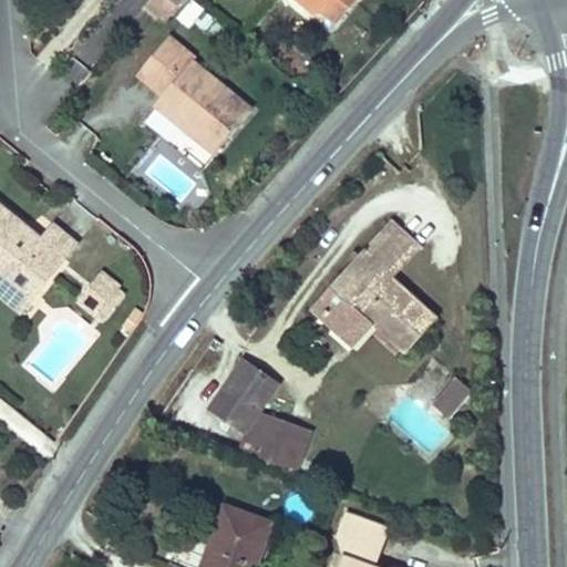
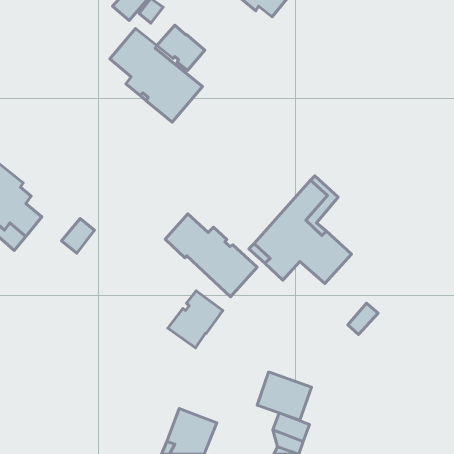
building: none -> [157,25,205,70]
building: [25,223,75,269] -> none
building: none -> [165,214,257,297]
building: [240,414,308,474] -> [257,372,311,420]

